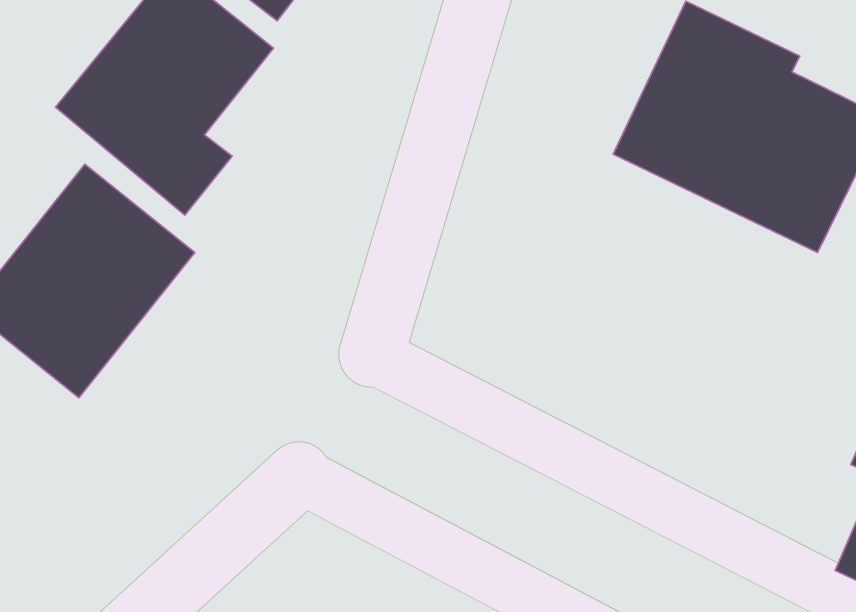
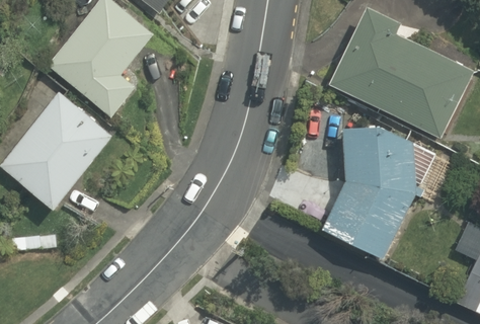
building: none -> [322,126,446,256]

